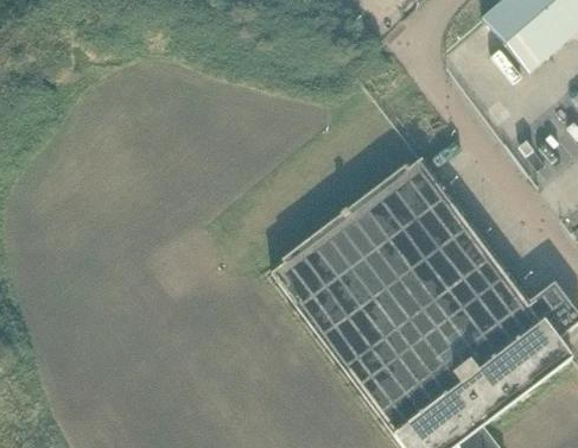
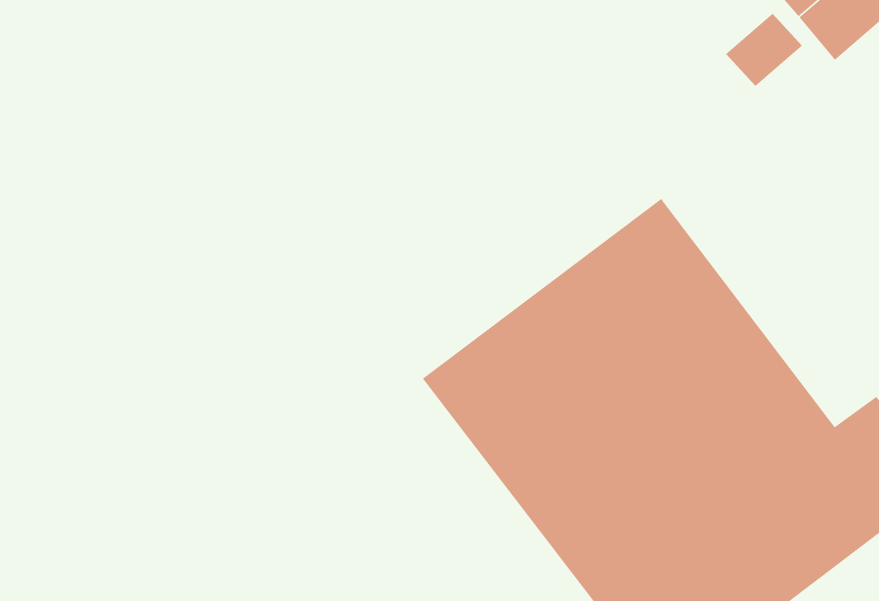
building: none -> [725,13,803,87]

